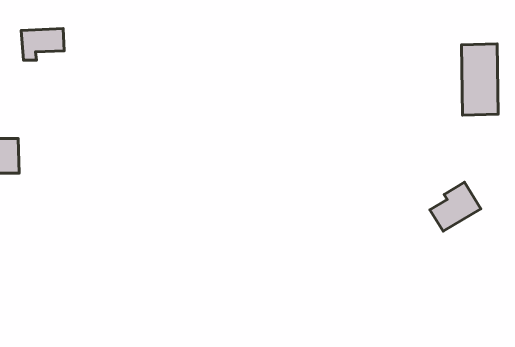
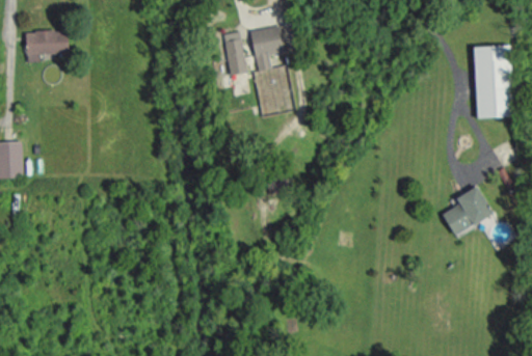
building: none -> [250,26,295,115]
building: none -> [223,31,247,76]

